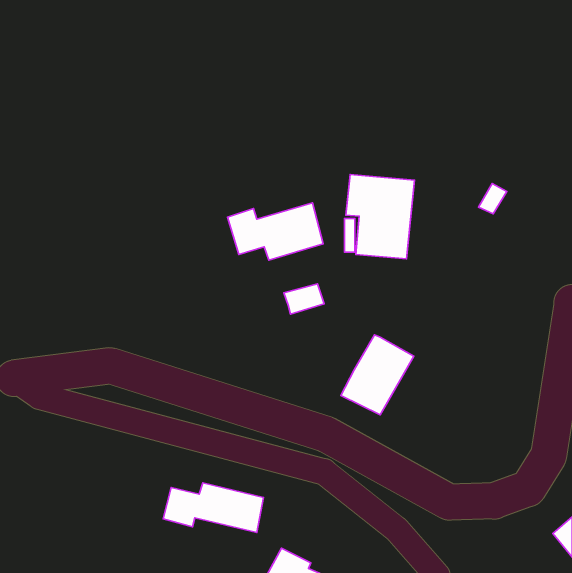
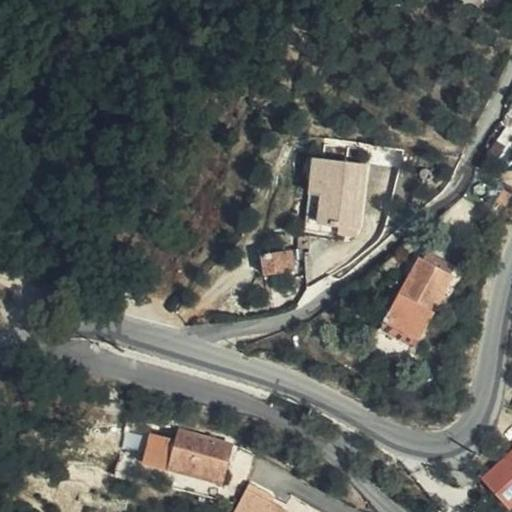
building: [227,203,323,260] -> none
building: [341,335,414,415] -> [386,261,451,332]

